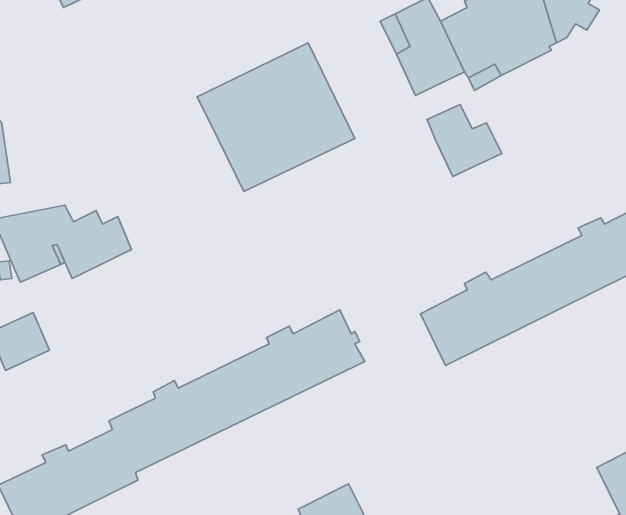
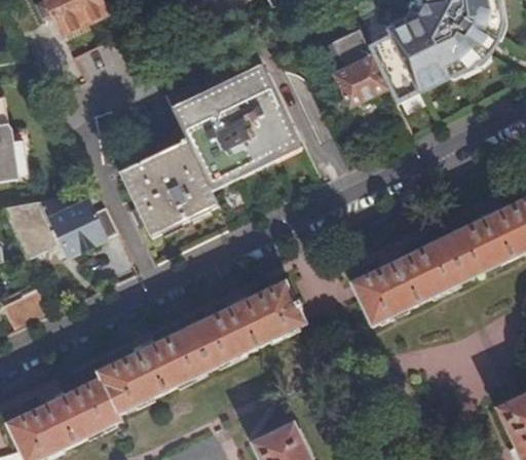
building: [427,104,502,176] -> none
building: none -> [121,142,218,236]

